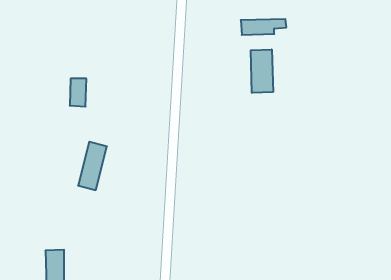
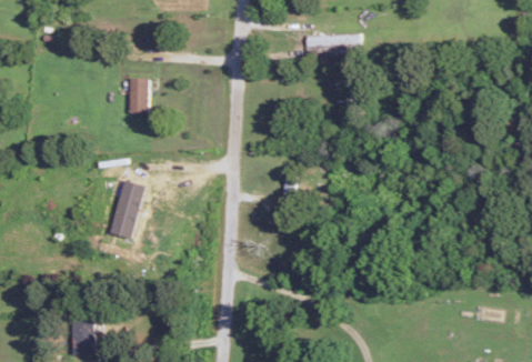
building: [251,49,273,93] -> none
building: [70,79,86,107] -> [128,79,148,112]

